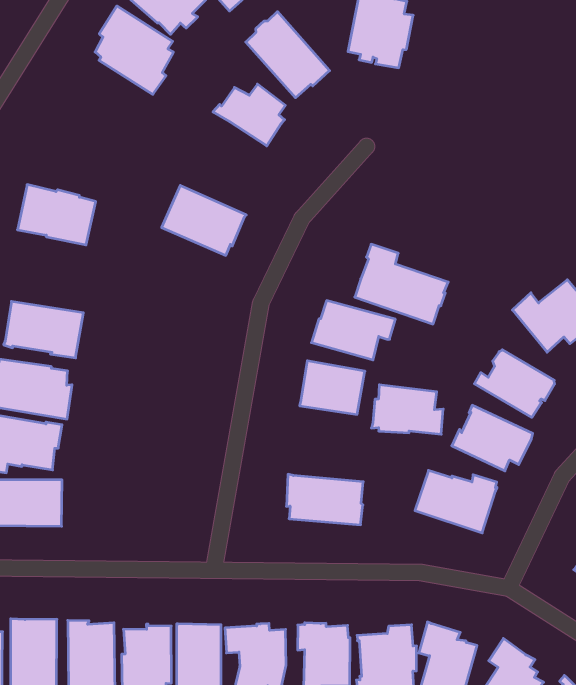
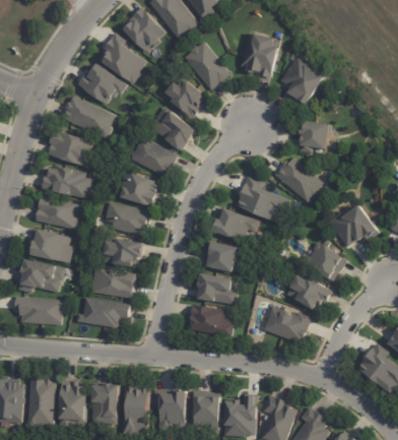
building: none -> [281,51,328,105]
building: none -> [75,61,124,102]
building: none -> [60,93,113,136]
building: none -> [150,105,199,149]
building: none -> [297,120,333,152]
building: none -> [274,156,324,201]
building: none -> [42,165,91,198]
building: none -> [118,172,162,206]
building: none -> [104,200,152,238]
building: none -> [106,239,147,268]
building: [371,385,443,434] -> [197,273,239,304]
building: none -> [90,266,136,299]
building: none -> [77,297,131,327]

